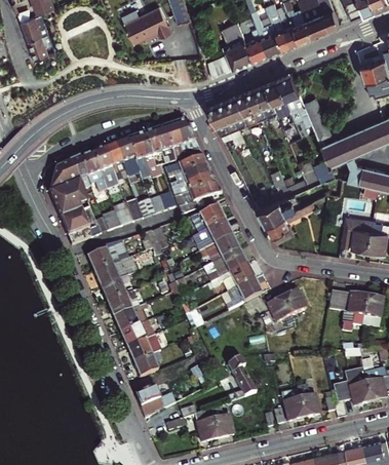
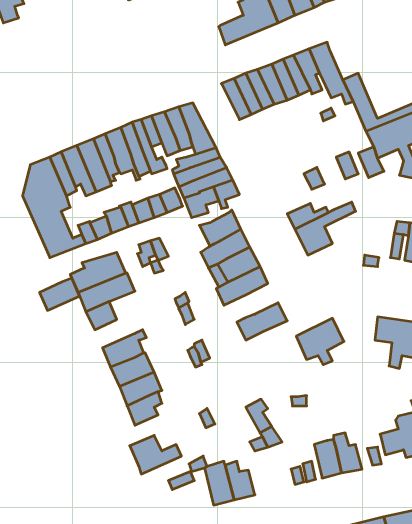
building: [210,267,254,295] -> none
building: [108,293,140,318] -> [40,278,80,310]

